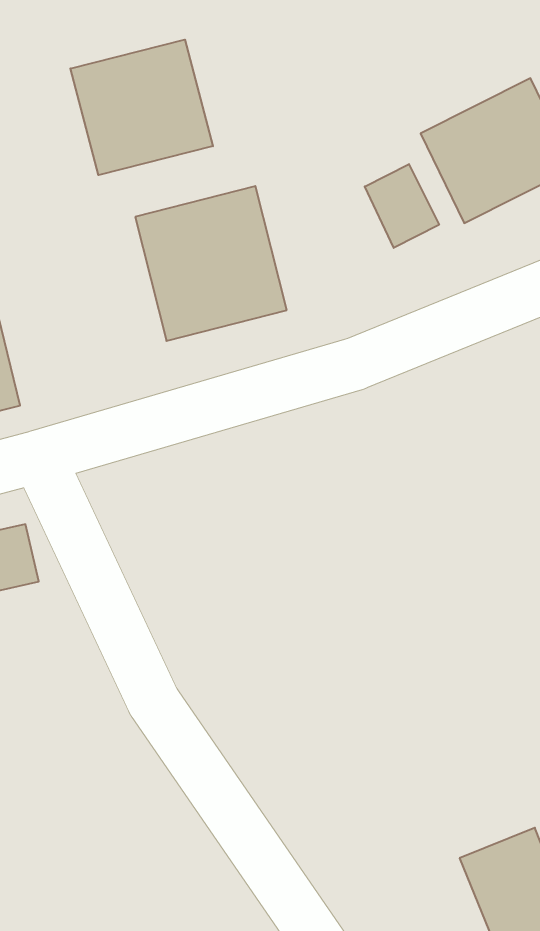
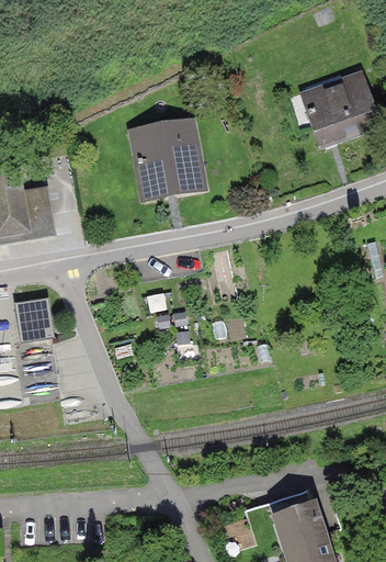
building: [70,40,213,175] -> none
building: [365,164,439,248] -> none

